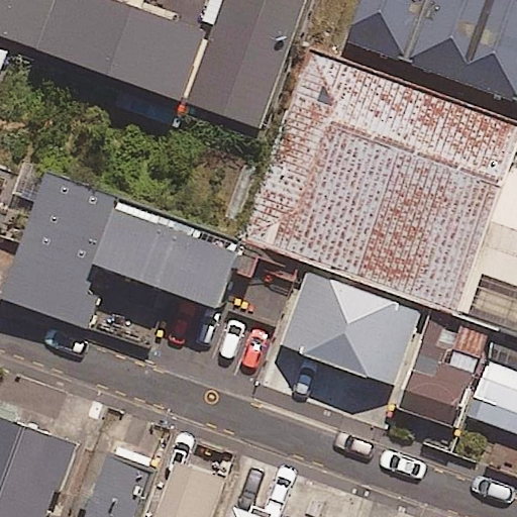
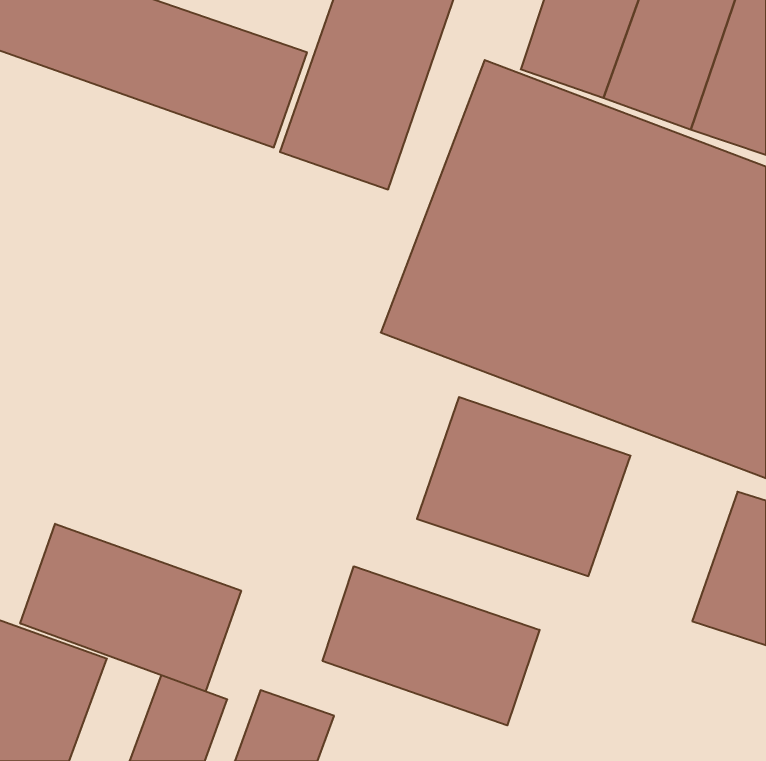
building: [4,173,243,329] -> none
building: [399,309,495,430] -> none
building: none -> [20,524,241,691]
building: none -> [323,566,540,725]

